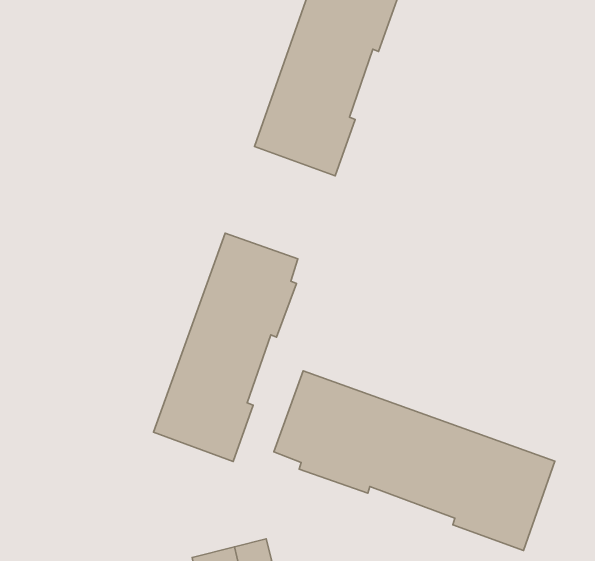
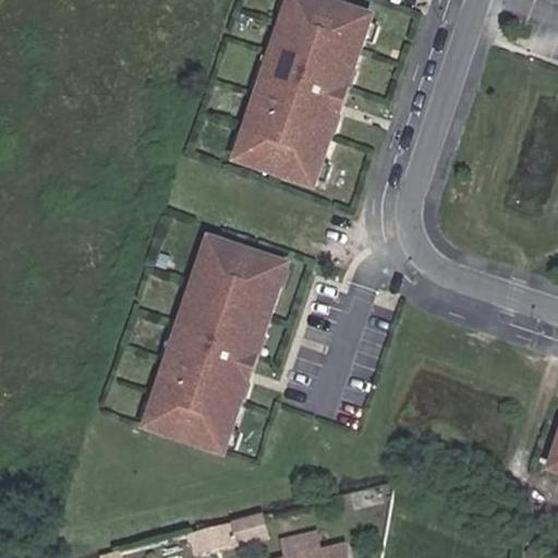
building: [274,371,555,550] -> none

